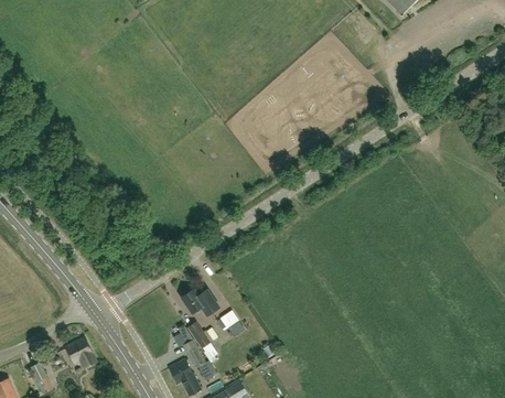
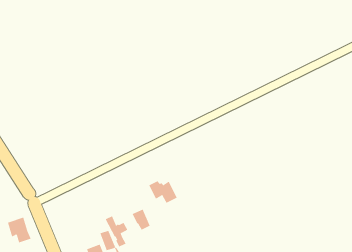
building: [181,288,219,316] -> [148,180,178,203]

